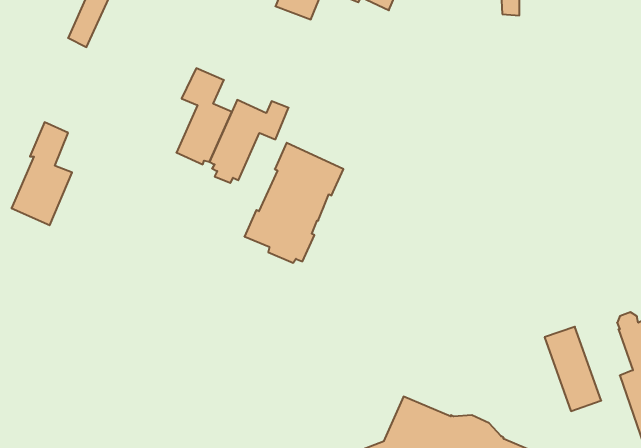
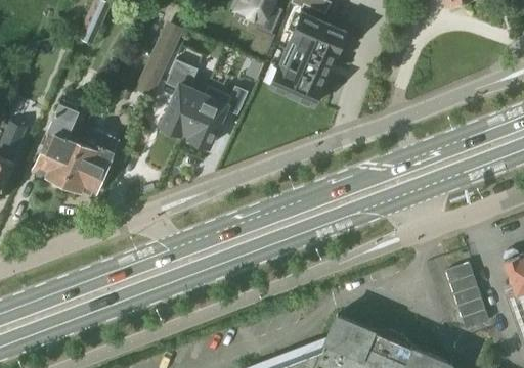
building: none -> [138,20,184,90]
building: [244,143,343,263] -> [269,15,346,108]
building: none -> [62,128,119,197]

